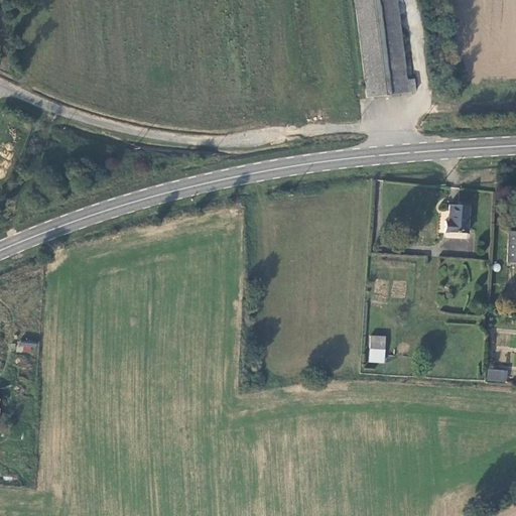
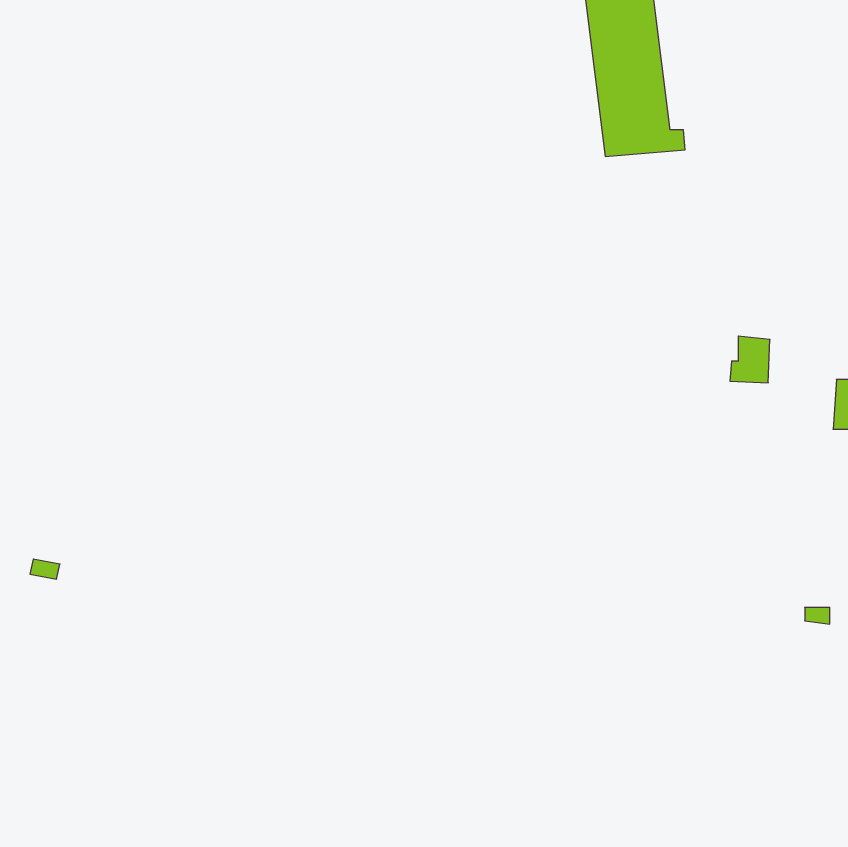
building: [371,335,386,362] -> none

